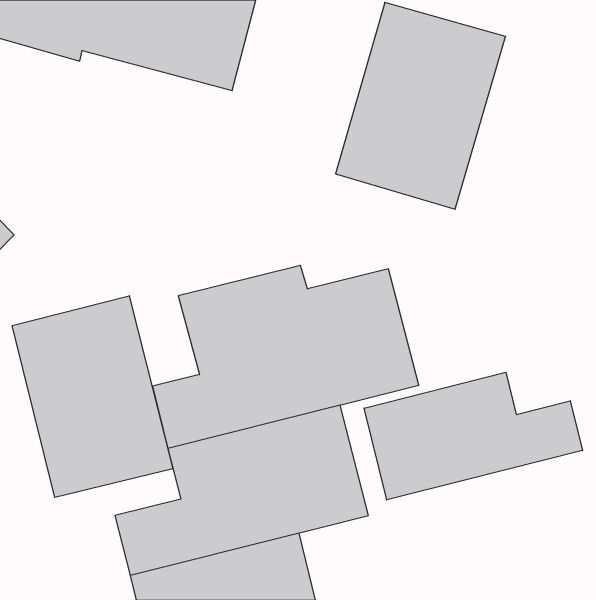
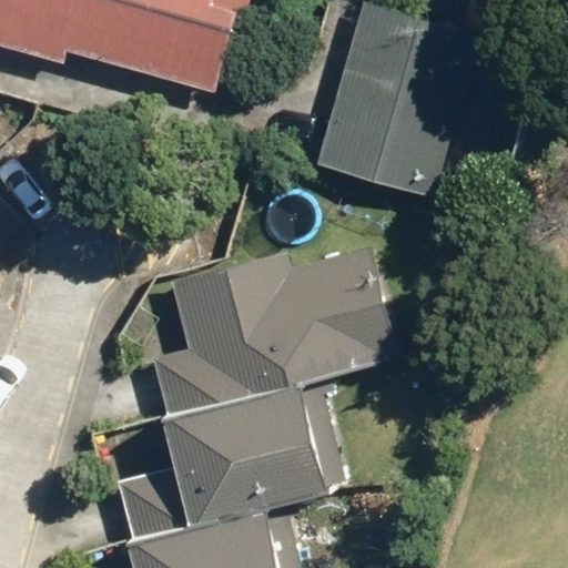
building: [12,296,173,497] -> none
building: [364,372,583,500] -> none

